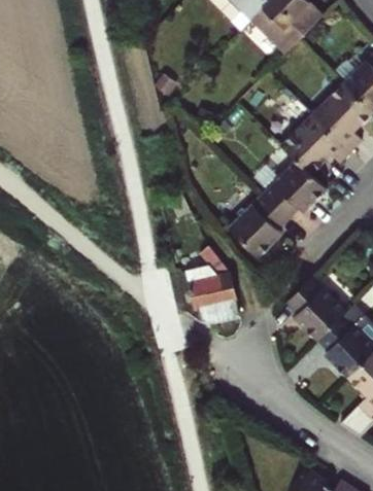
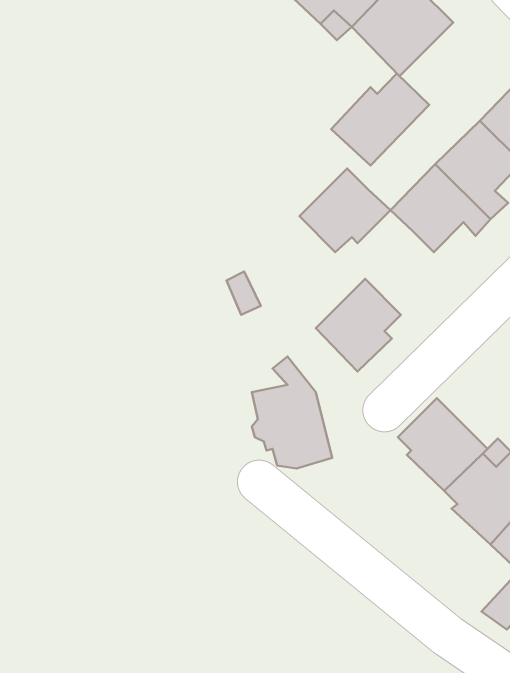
building: none -> [331,74,429,165]
building: [264,161,327,218] -> [299,169,390,252]

